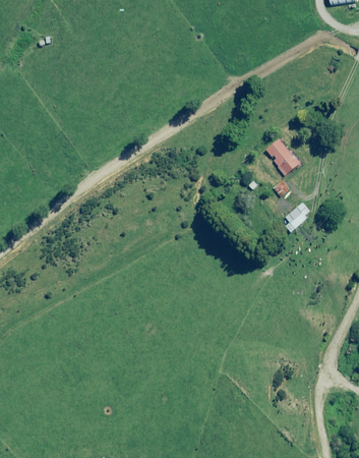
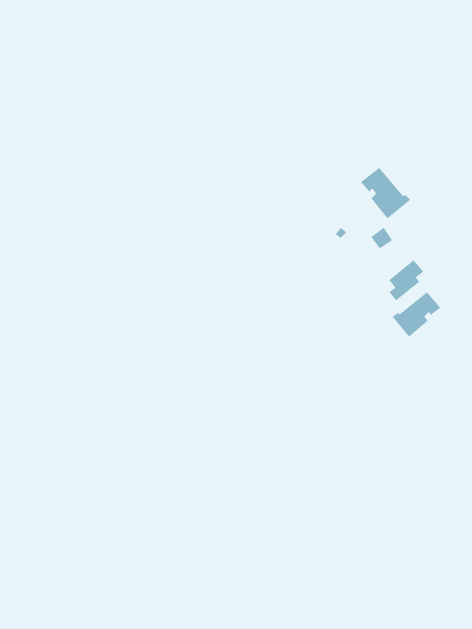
building: none -> [392,292,441,337]

